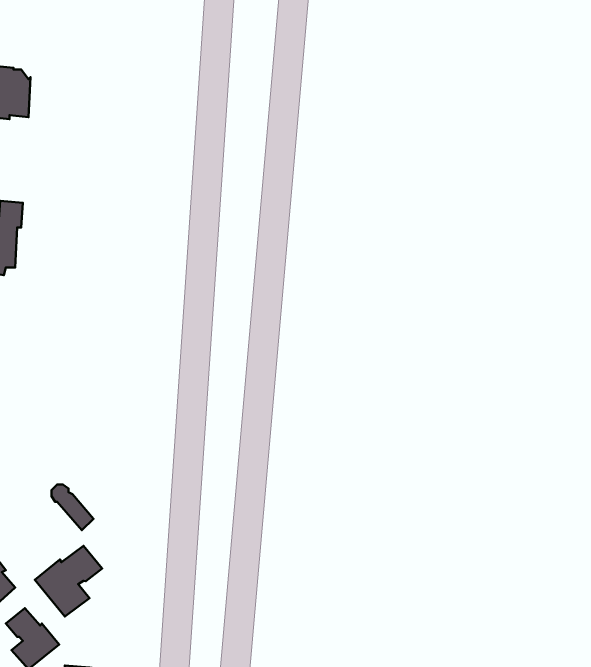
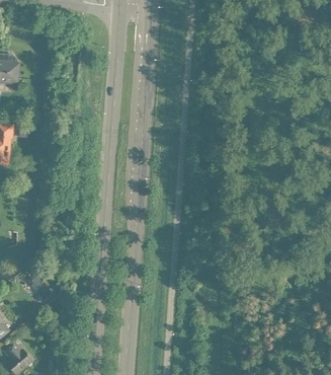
building: [35,546,102,616] -> none

